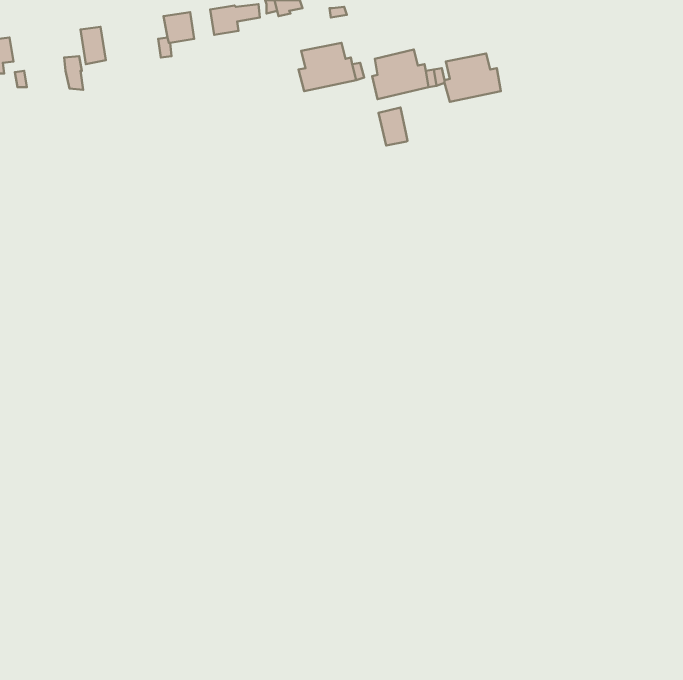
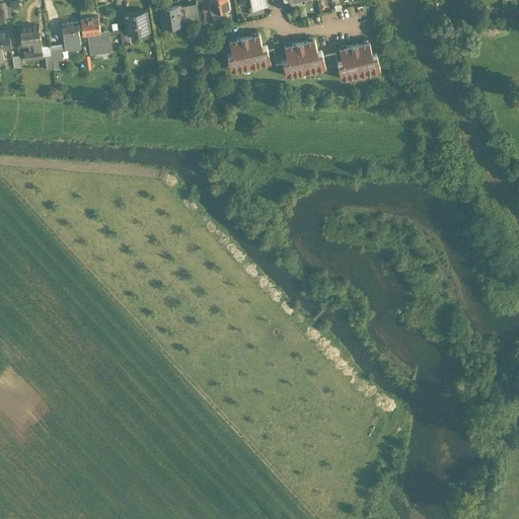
building: none -> [80,18,110,55]
building: none -> [19,27,43,61]
building: [378,107,407,146] -> none

